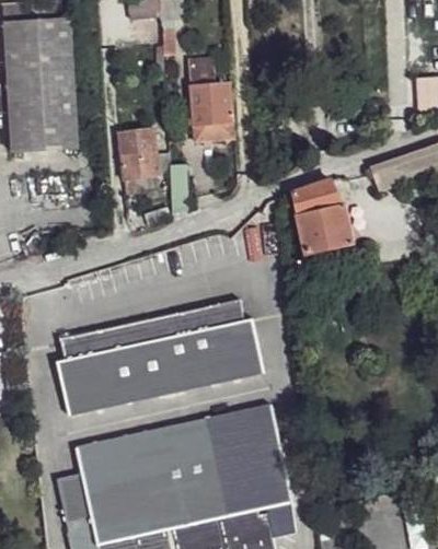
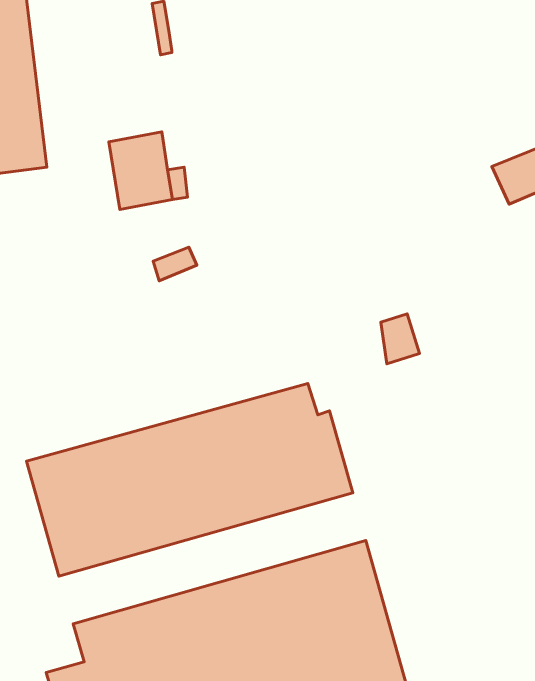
building: [191,73,233,141] -> none
building: [293,178,354,254] -> none

